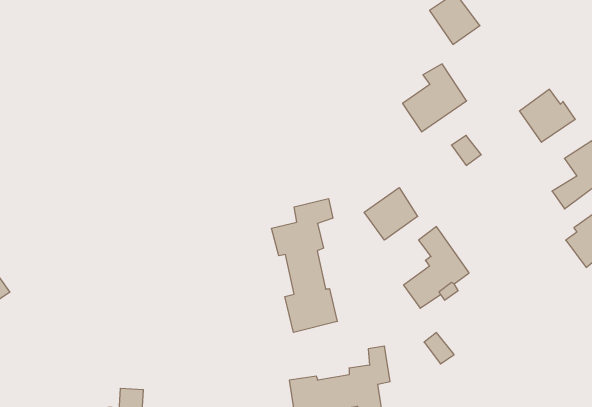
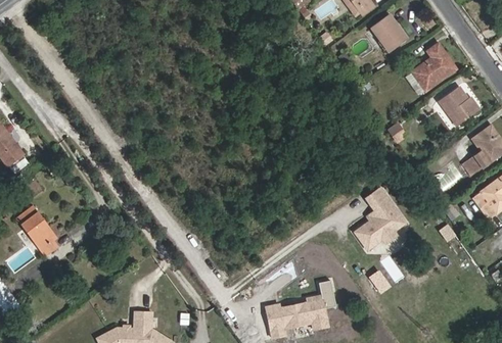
building: [403,64,467,132] -> [410,43,458,94]
building: [364,188,418,240] -> none
building: [272,199,337,332] -> none

